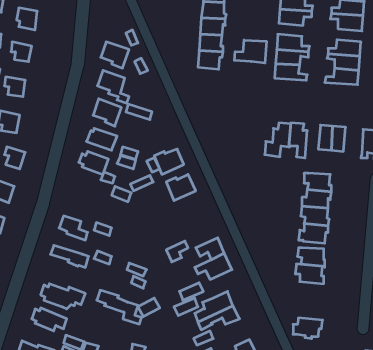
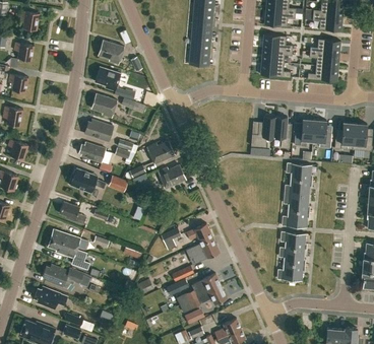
building: [234,40,266,63] -> none
building: none -> [70,169,106,197]
building: [97,290,142,324] -> [49,238,90,270]
building: [293,318,323,339] -> [278,264,306,283]

